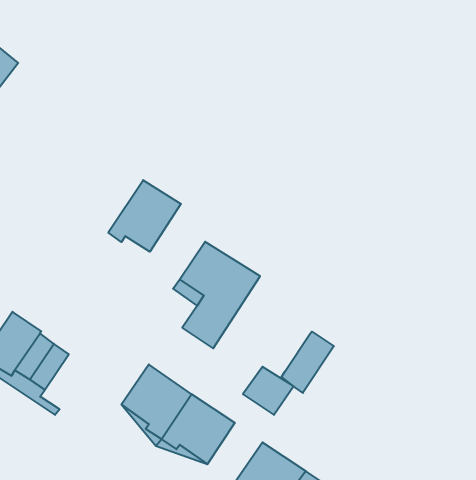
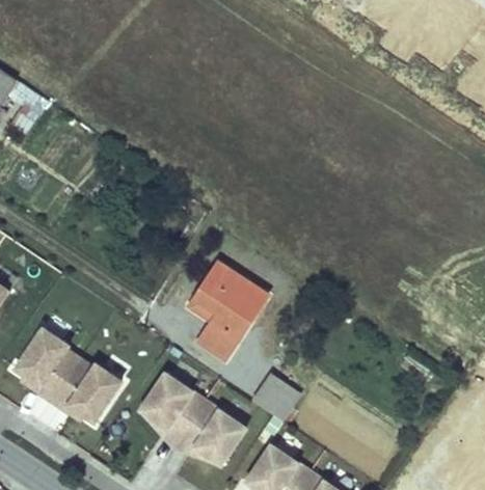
building: [108,180,181,252] -> none
building: [281,332,334,393] -> none
building: none -> [68,362,120,420]

